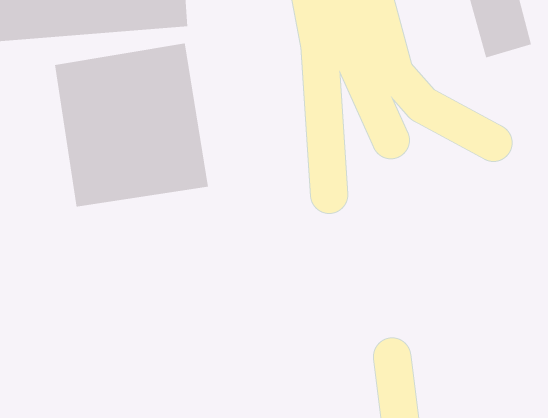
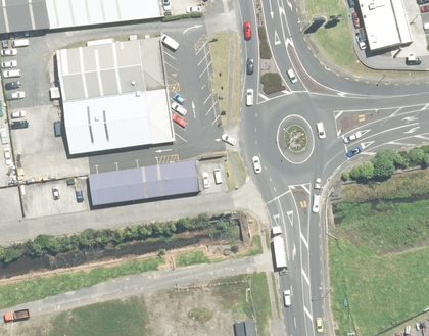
building: none -> [88,160,196,203]

